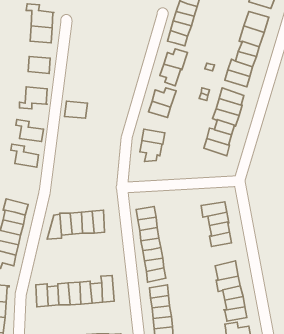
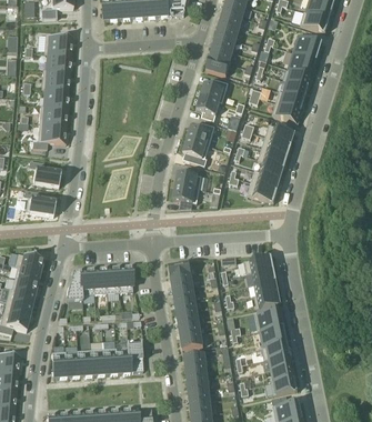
building: none -> [43,69,69,89]
building: [64,101,87,118] -> [40,104,67,124]
building: none -> [253,307,283,331]

